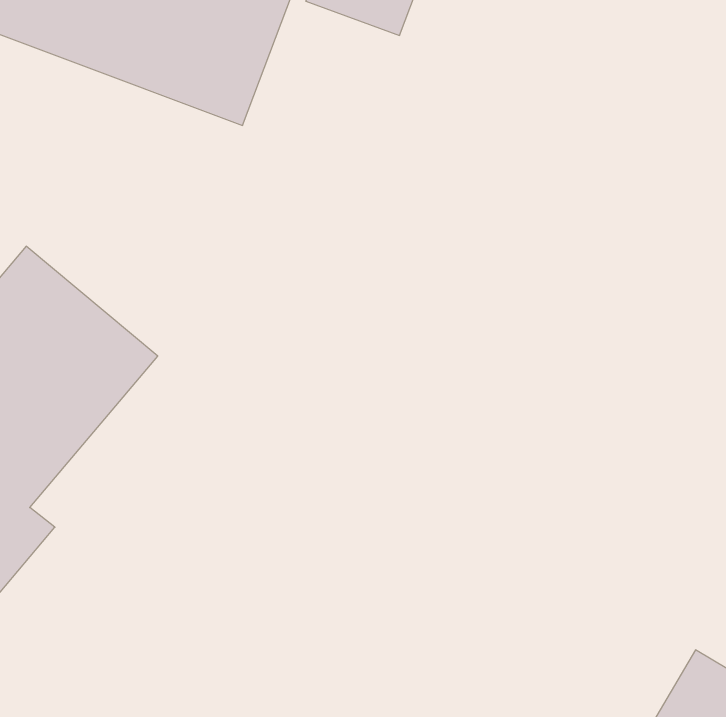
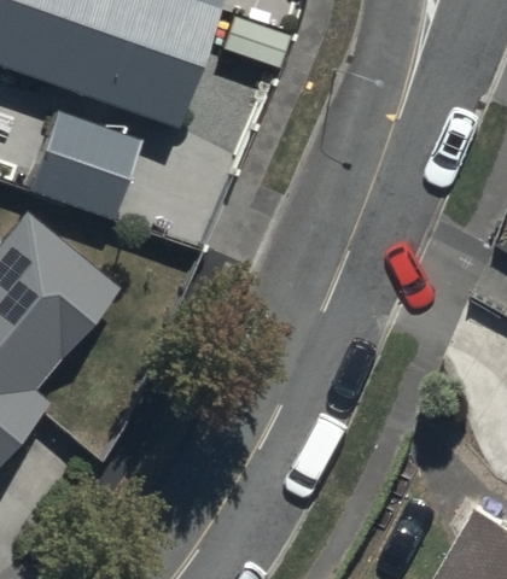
building: none -> [30,110,145,224]

